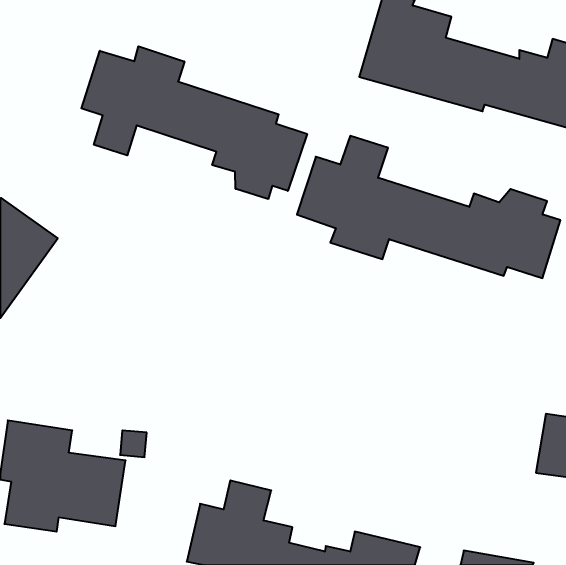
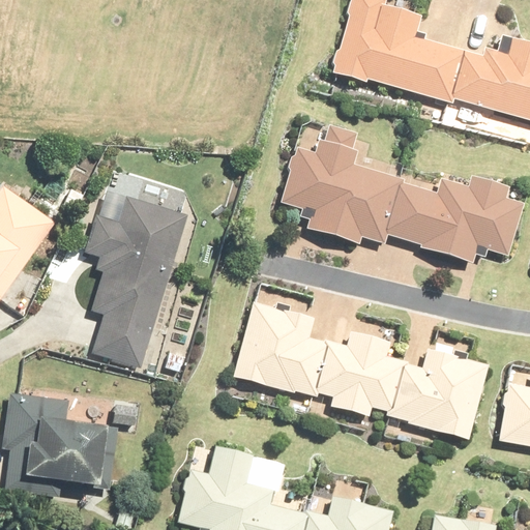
building: [81,46,307,199] -> none
building: none -> [84,196,188,367]
building: none -> [230,304,485,442]

